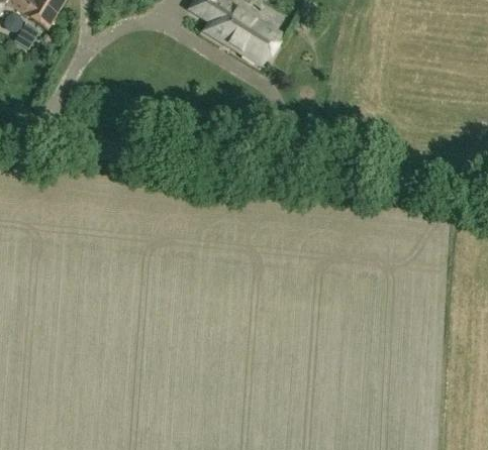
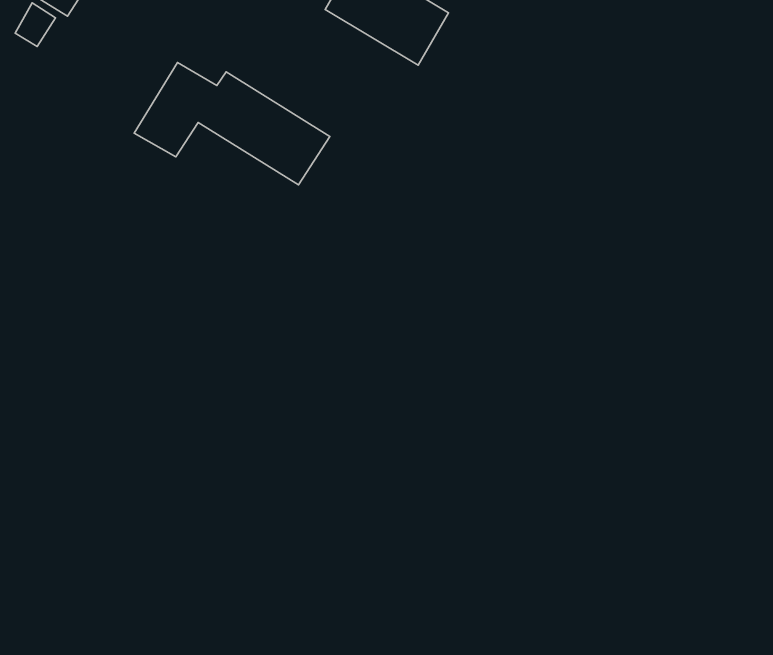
building: none -> [134,62,330,185]

